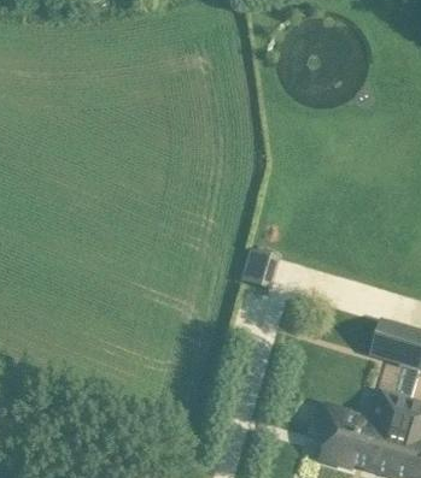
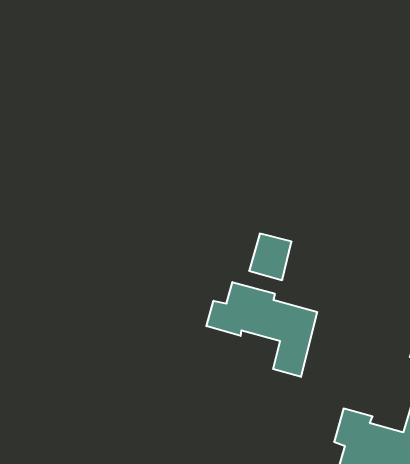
building: none -> [206,282,317,377]

